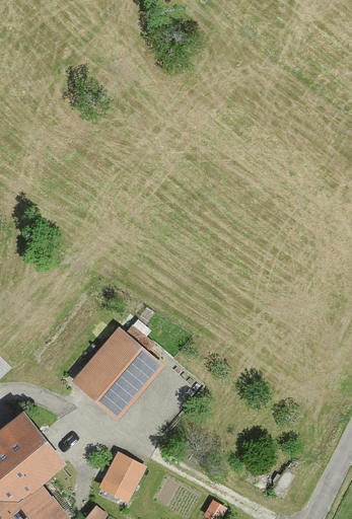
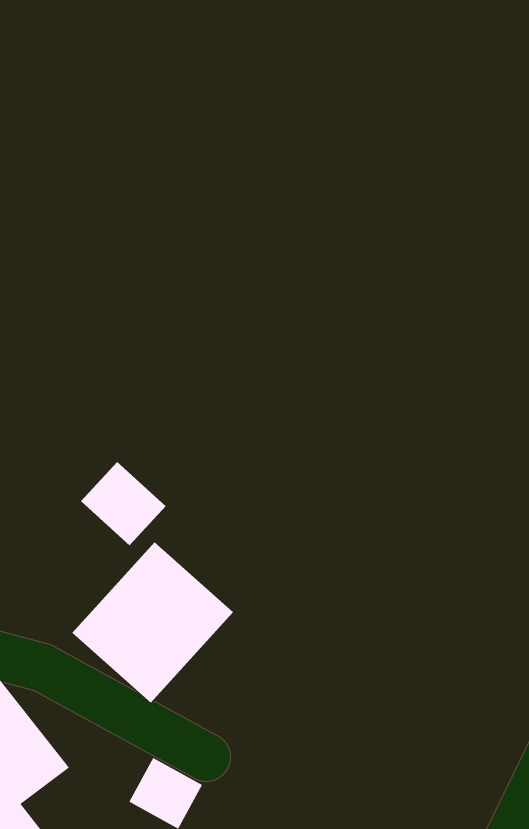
building: none -> [80,461,167,546]

